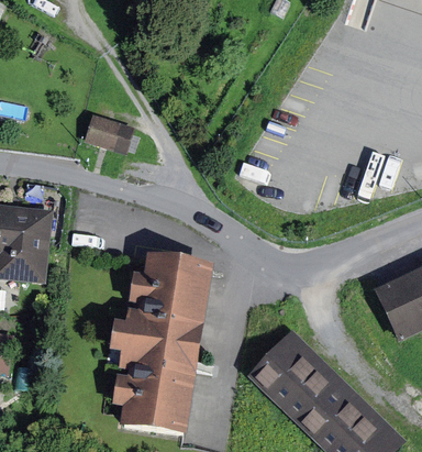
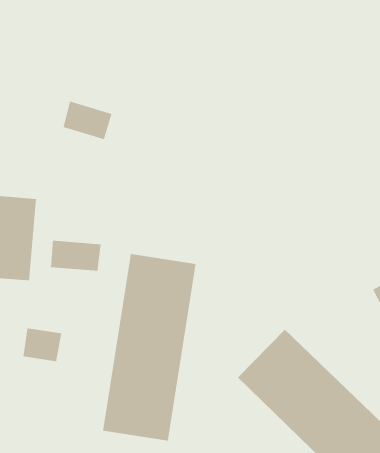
building: none -> [50,240,101,272]
building: none -> [22,327,62,362]

